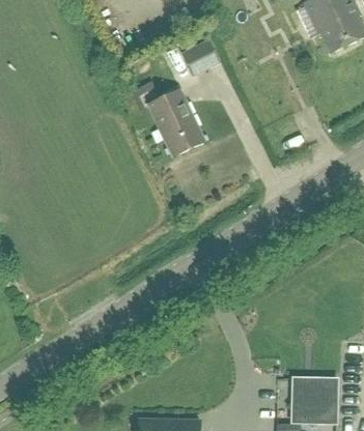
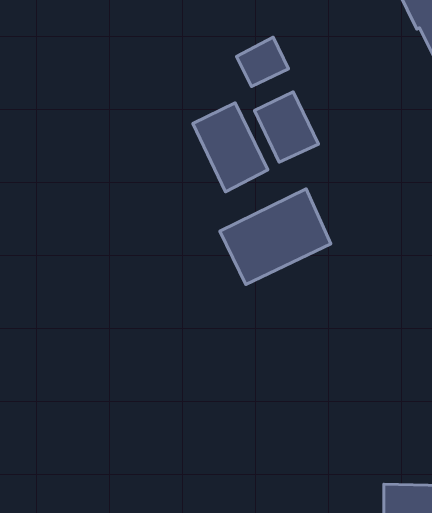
building: none -> [255,92,319,162]
building: none -> [220,189,331,285]

